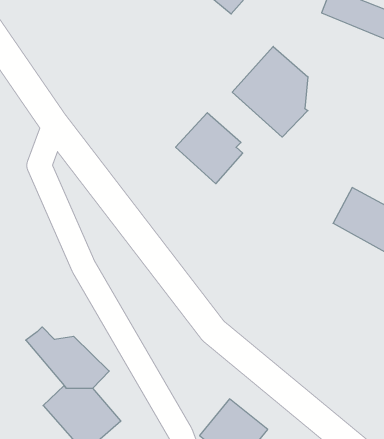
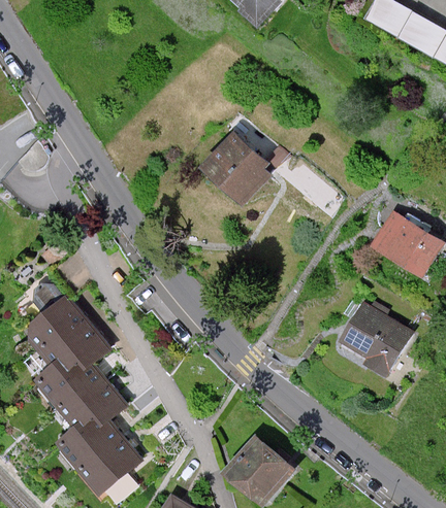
building: [232,46,308,137] -> none
building: none -> [30,294,110,372]
building: none -> [339,302,411,375]

